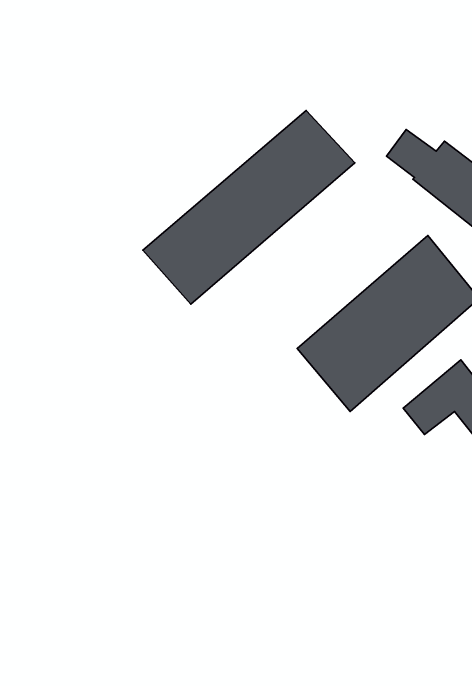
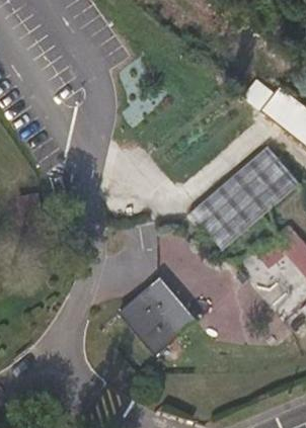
building: [143,111,355,304] -> none
building: none -> [118,276,197,356]

